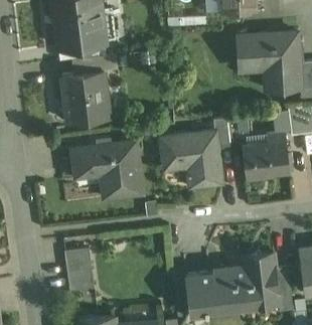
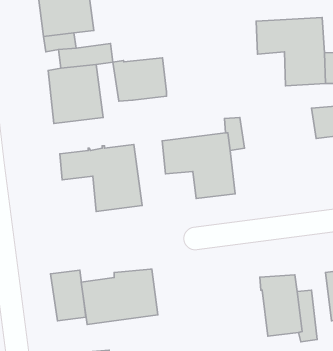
building: none -> [113,58,167,101]
building: [243,133,290,180] -> none
building: [185,266,251,313] -> [81,269,158,324]

